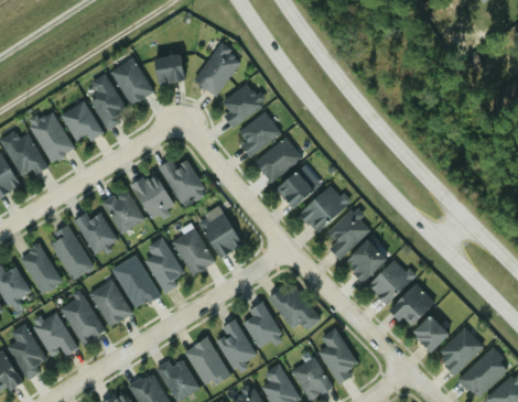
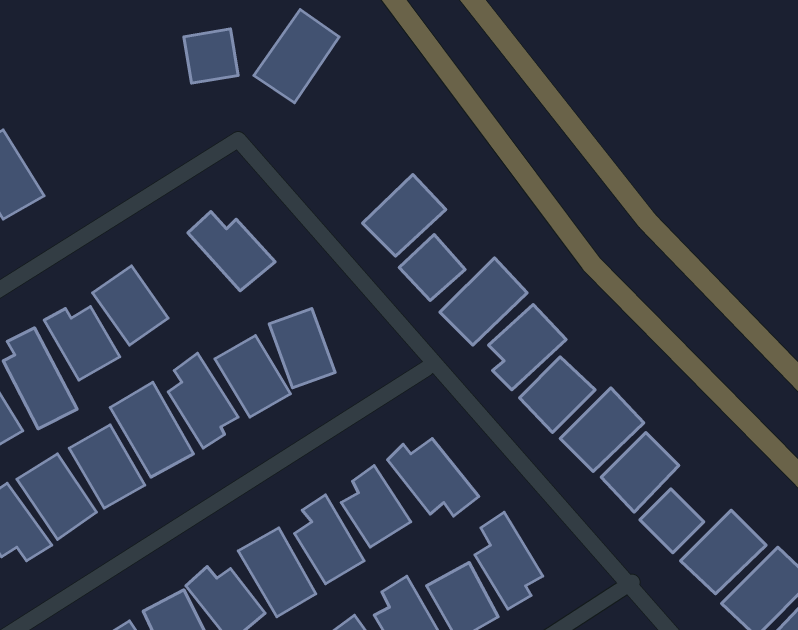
building: [109,58,152,105] -> none
building: [87,74,127,129] -> none
building: [223,83,263,129] -> none
building: [60,101,102,141] -> none
building: [238,112,281,157] -> none
building: [130,172,173,219] -> none

